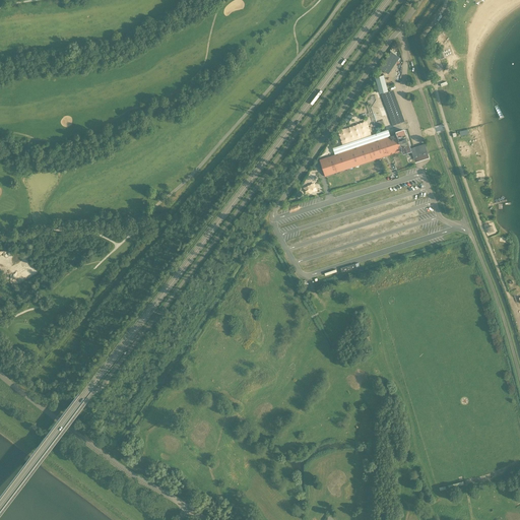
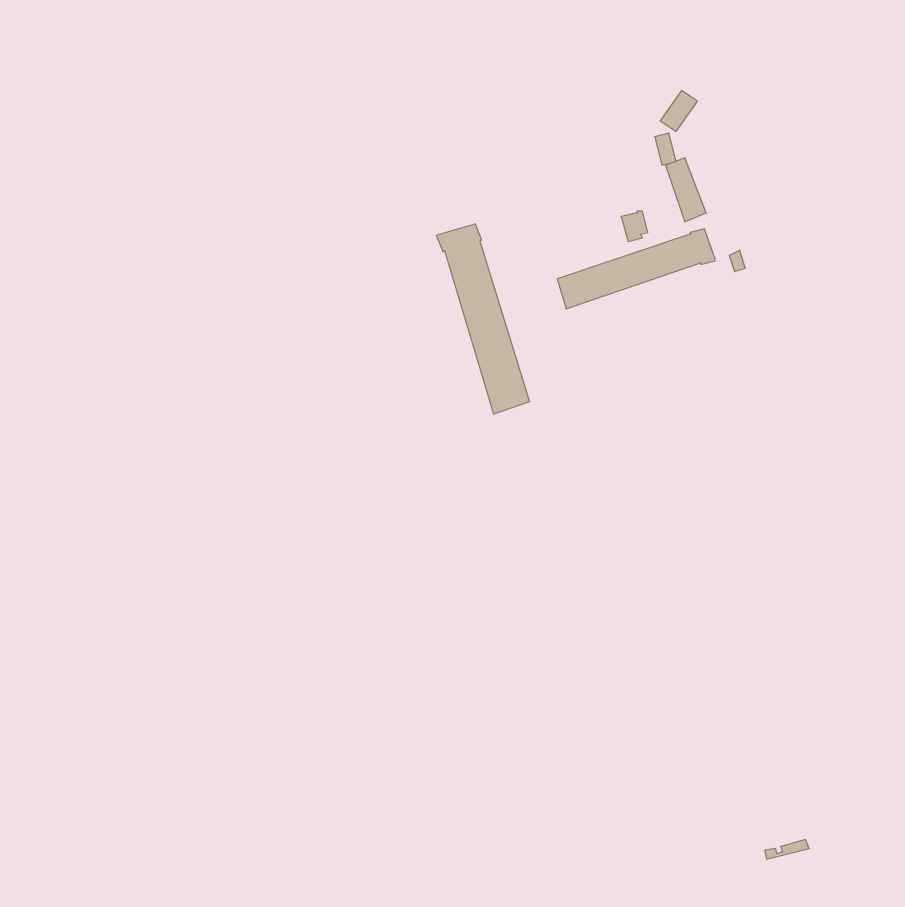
building: none -> [437,224,530,414]

